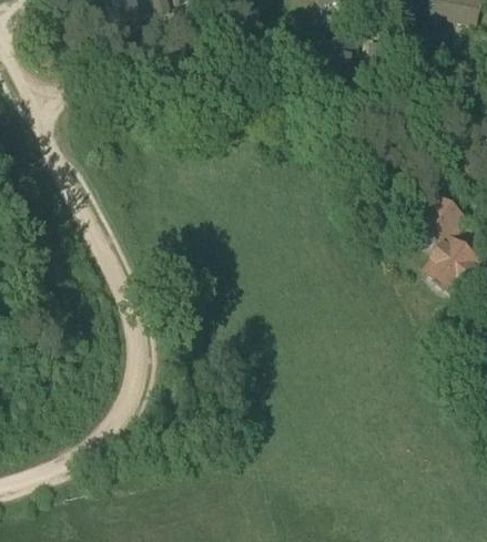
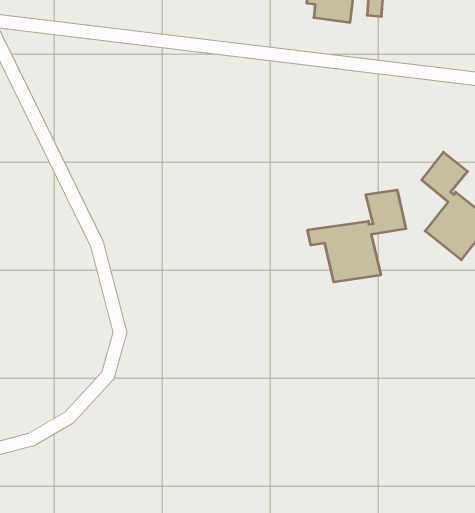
building: none -> [308,190,406,282]

